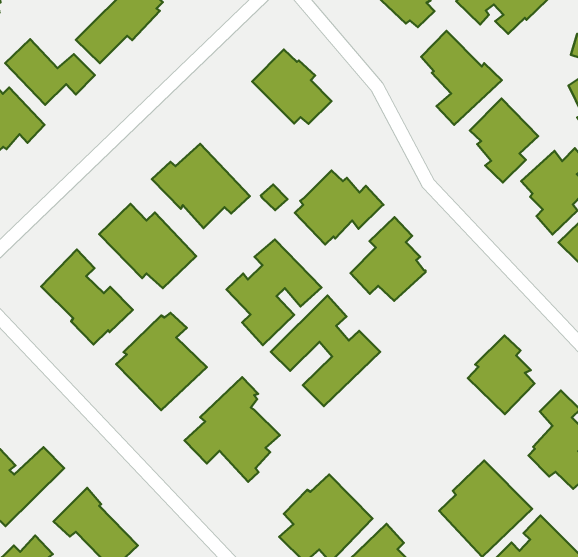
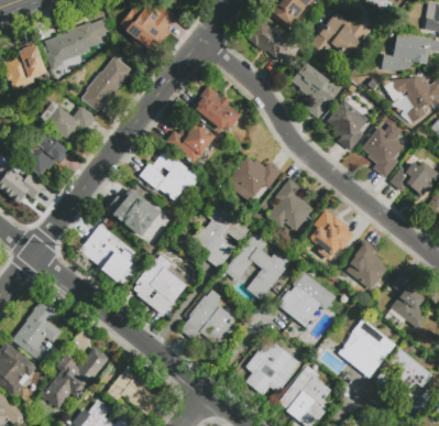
building: none -> [167,120,216,161]
building: none -> [308,220,359,256]
building: none -> [277,272,336,329]

